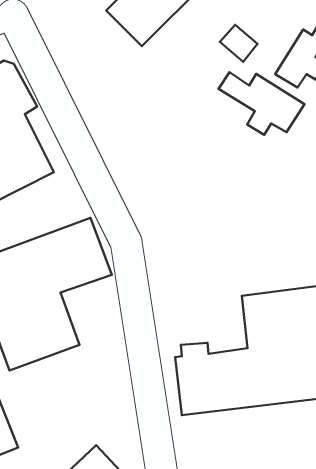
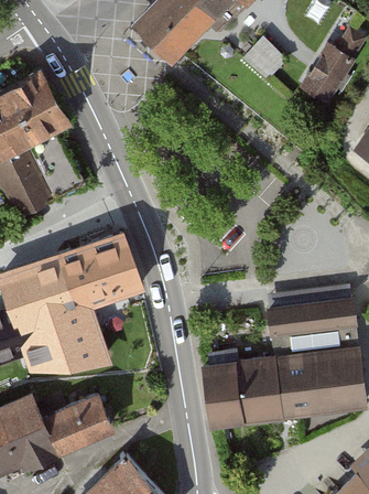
building: [218,72,304,135] -> none
building: none -> [48,401,116,458]

